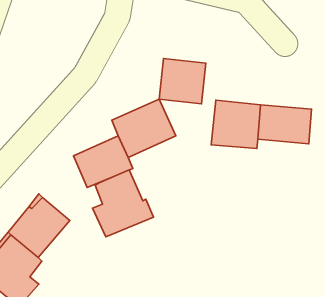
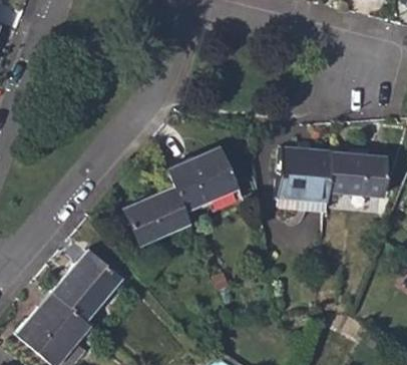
building: [159,59,206,104] -> none
building: [93,170,153,237] -> none

